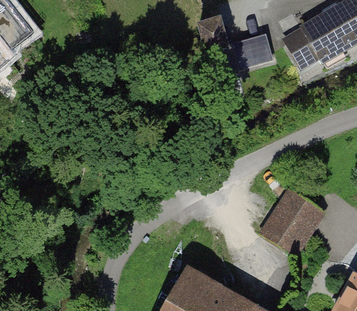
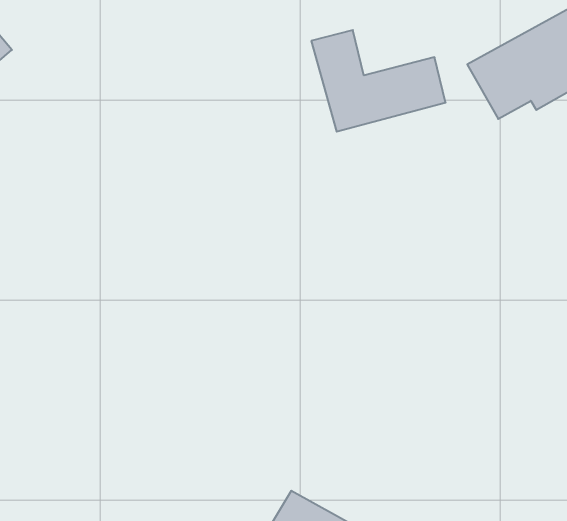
building: [260,184,328,254] -> none

